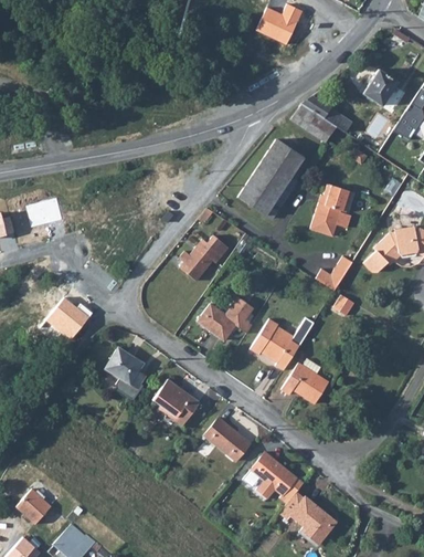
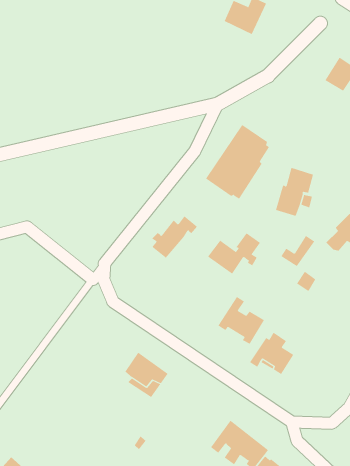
building: [292,96,351,143] -> none
building: [26,198,63,229] -> none
building: [199,296,255,340] -> [207,232,261,274]
building: [46,298,92,340] -> none
building: [106,348,145,400] -> none
building: [203,418,250,461] -> none

